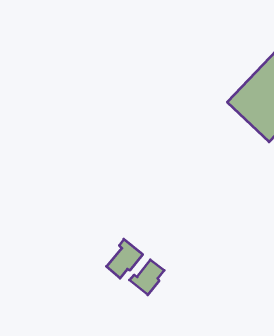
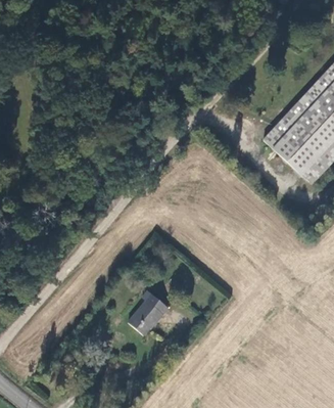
building: [129,260,164,295] -> none

